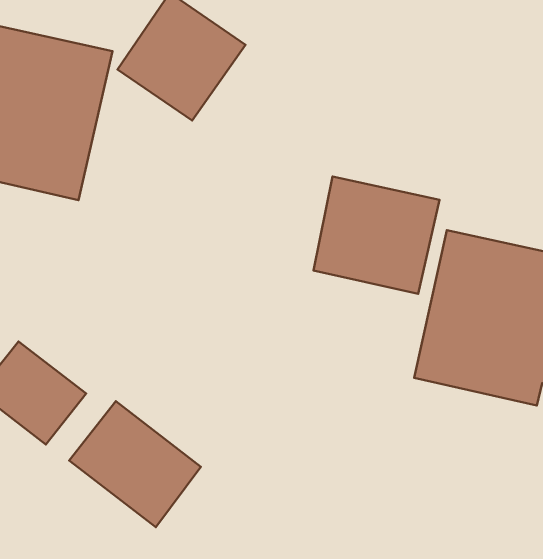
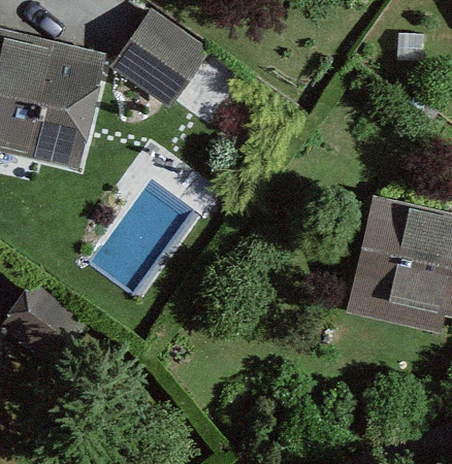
building: [313,176,439,294] -> none
building: [69,401,201,527] -> none

